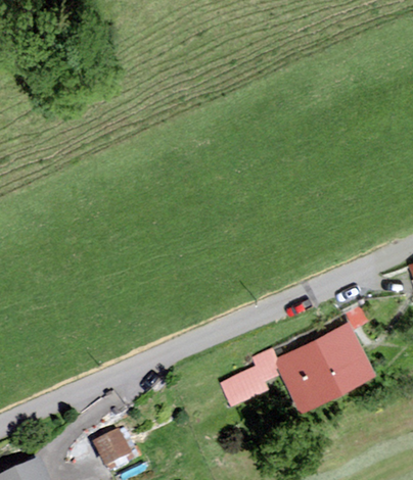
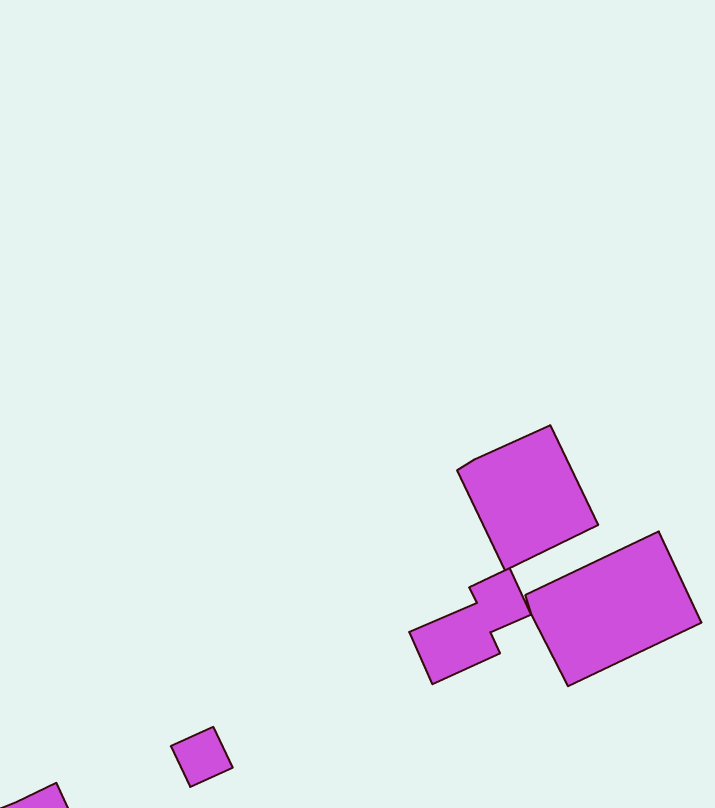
building: none -> [457,425,598,570]

